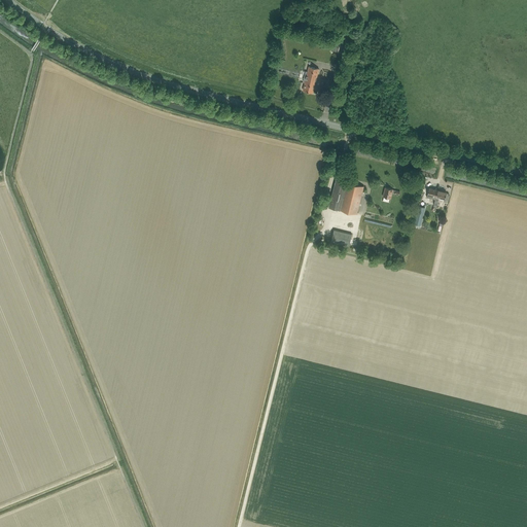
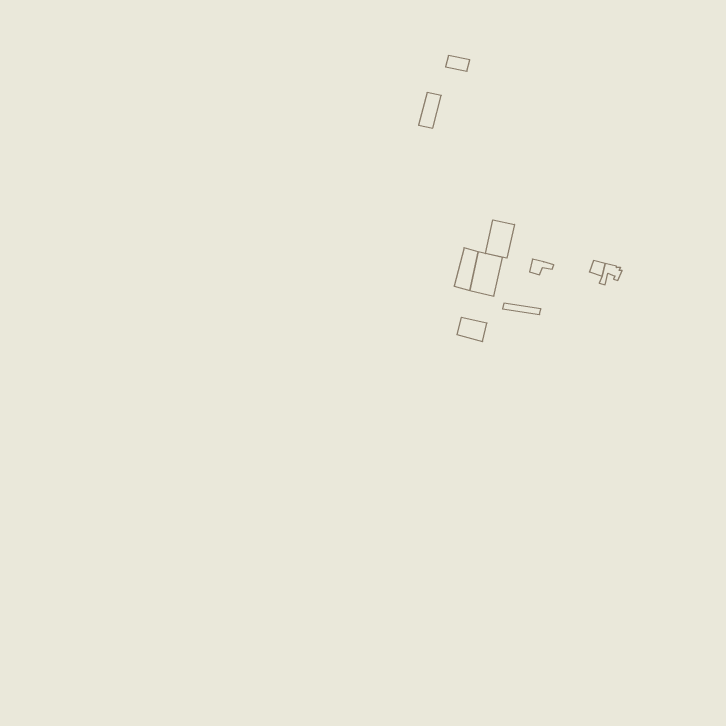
building: none -> [485,220,514,258]

